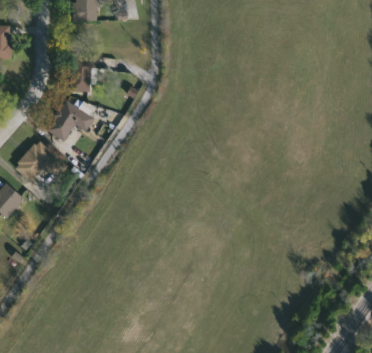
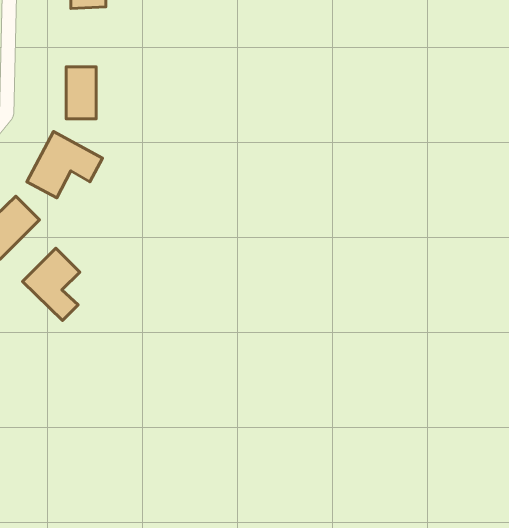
building: none -> [22,248,80,321]

